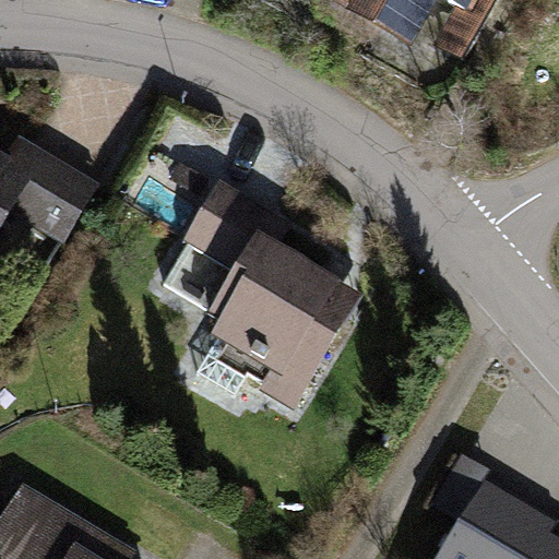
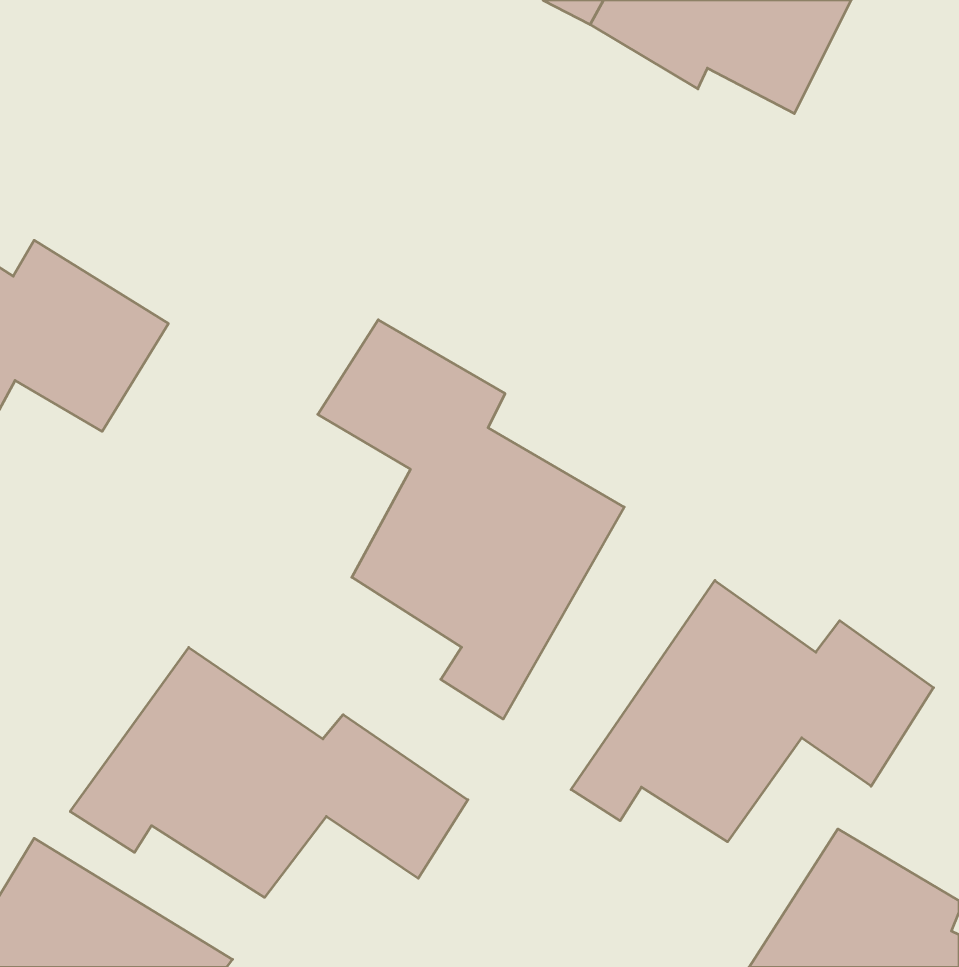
building: none -> [571,580,934,842]
building: none -> [70,647,468,897]

